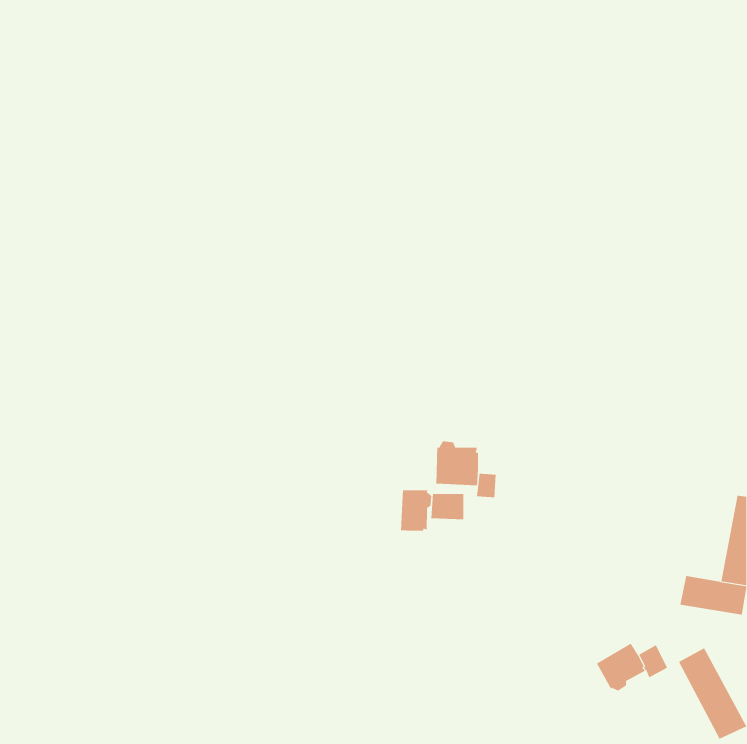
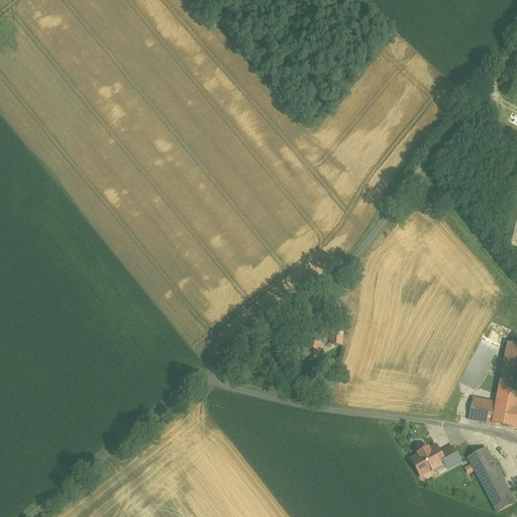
building: [436,441,479,486] -> none
building: [401,490,432,532] -> none

